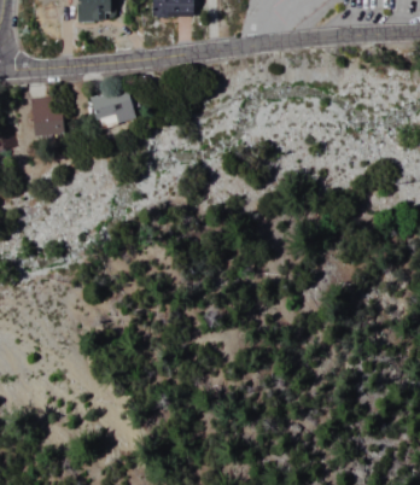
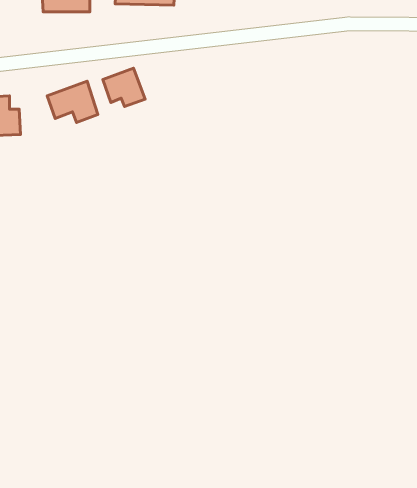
building: none -> [103,68,145,106]

